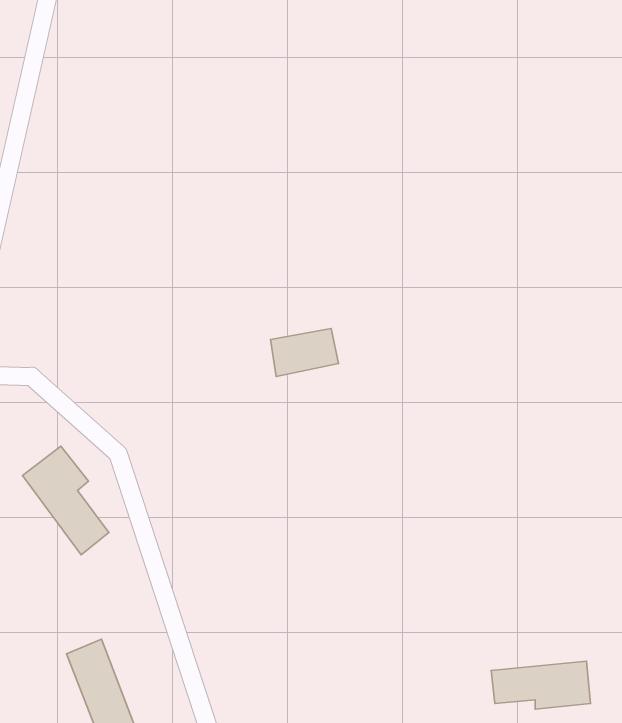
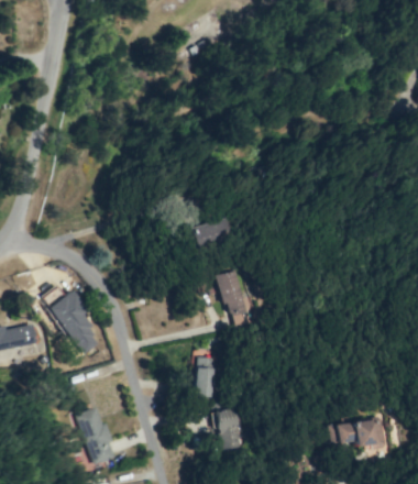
building: none -> [219,271,252,327]
building: none -> [194,358,217,397]
building: none -> [217,409,242,450]

